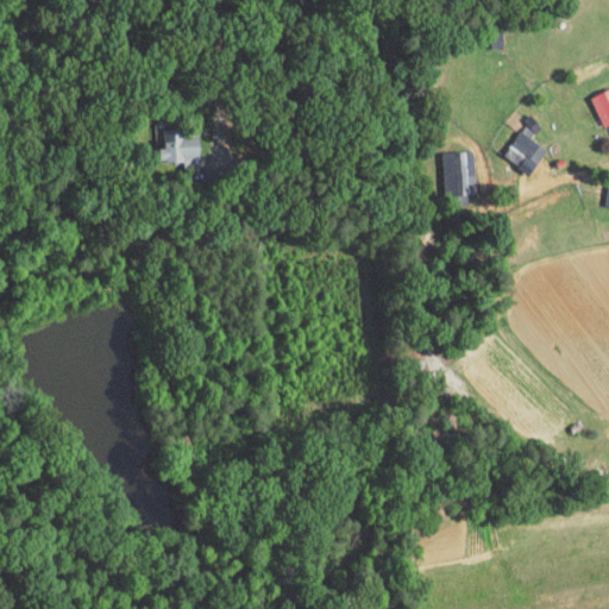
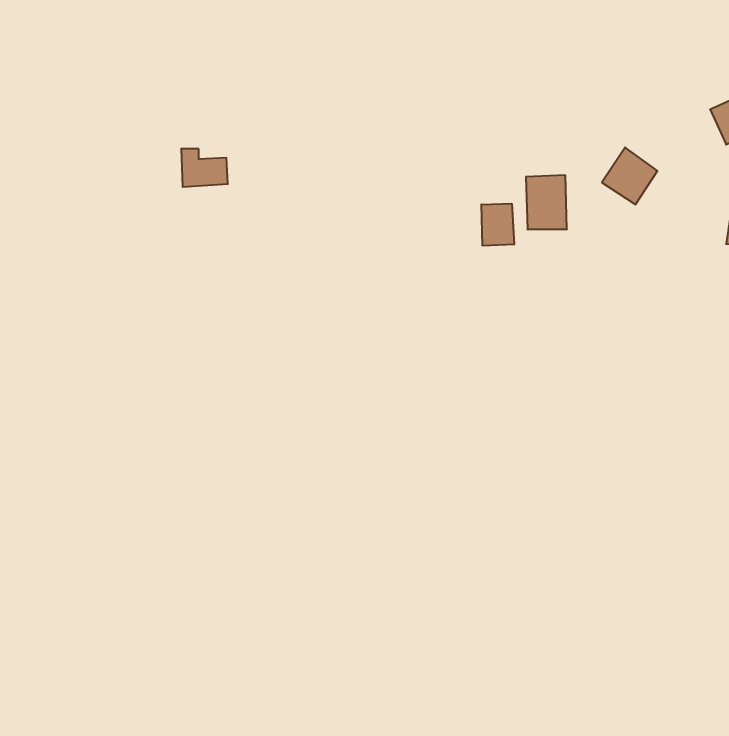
building: none -> [481,204,514,246]

